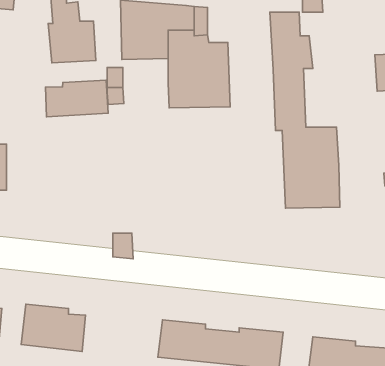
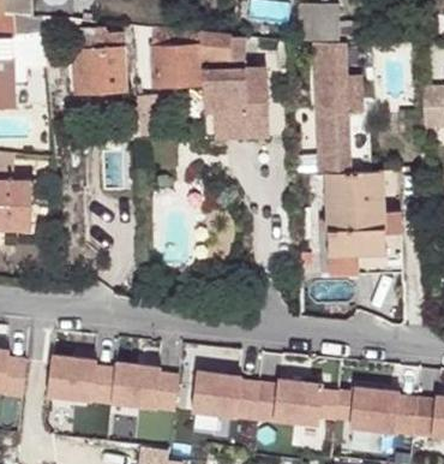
building: [45,80,108,117] -> none
building: none -> [328,204,402,272]
building: none -> [112,361,179,410]

